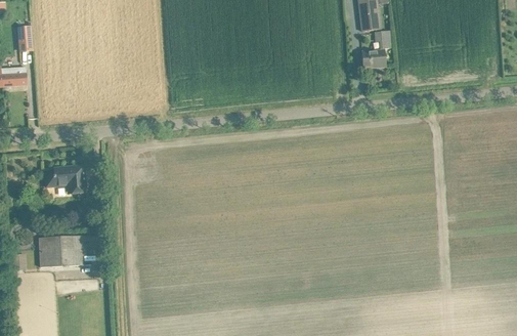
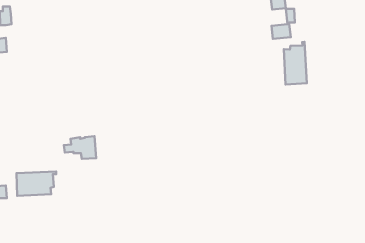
building: none -> [284,42,307,84]
building: [43,165,84,194] -> [64,136,96,159]

